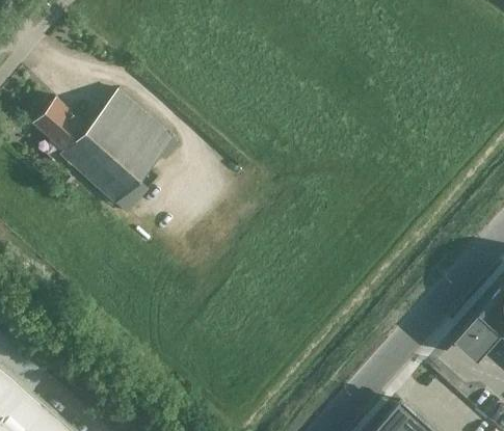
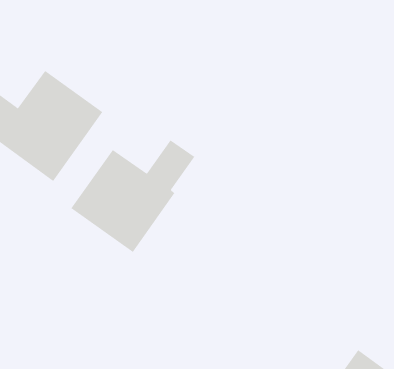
building: none -> [71,139,195,253]

